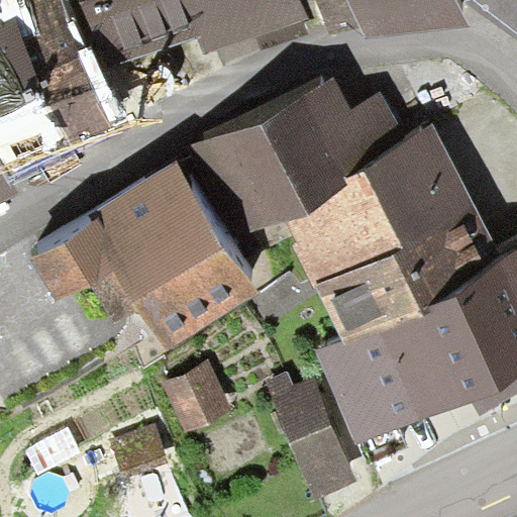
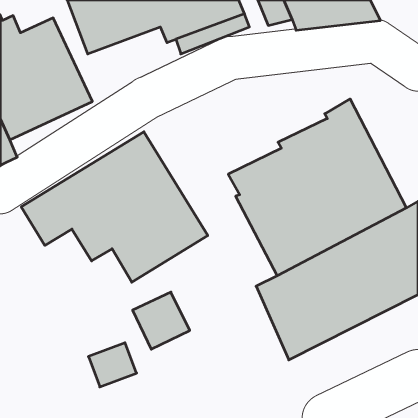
building: [189,74,404,238] -> none
building: [266,371,357,499] -> none

